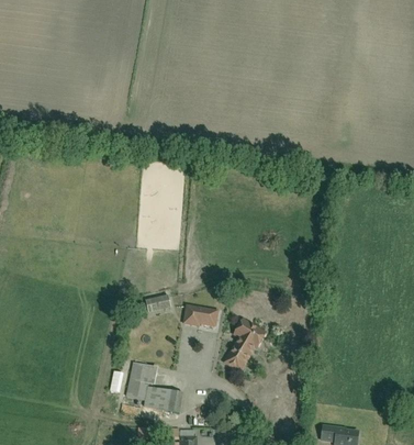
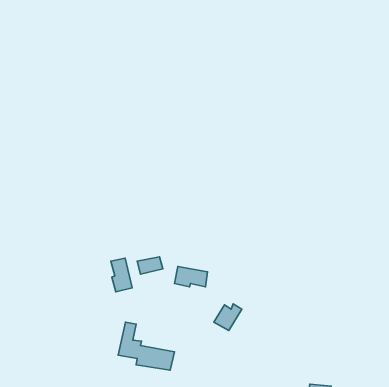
building: none -> [111,258,132,292]
building: [235,320,267,349] -> none

